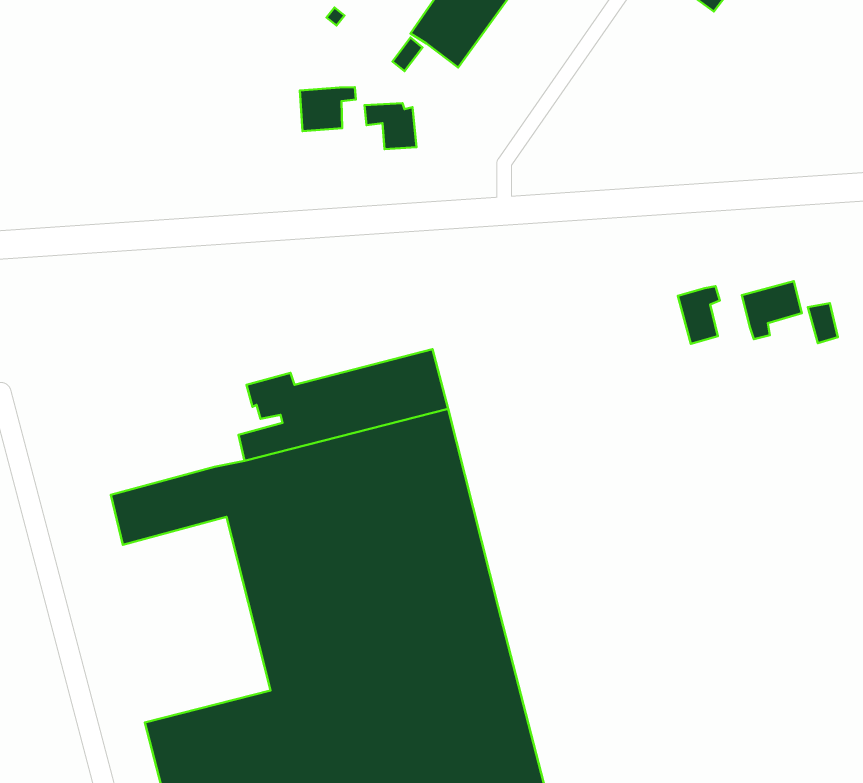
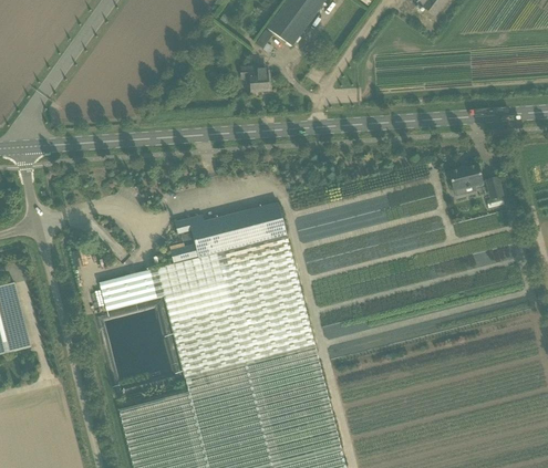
building: [300,87,356,131] -> none
building: [678,286,720,344] -> none

